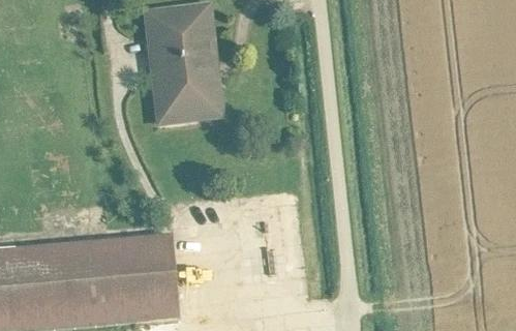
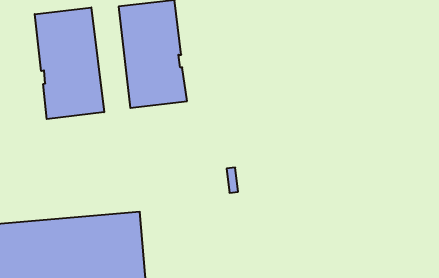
building: none -> [35,7,104,119]

